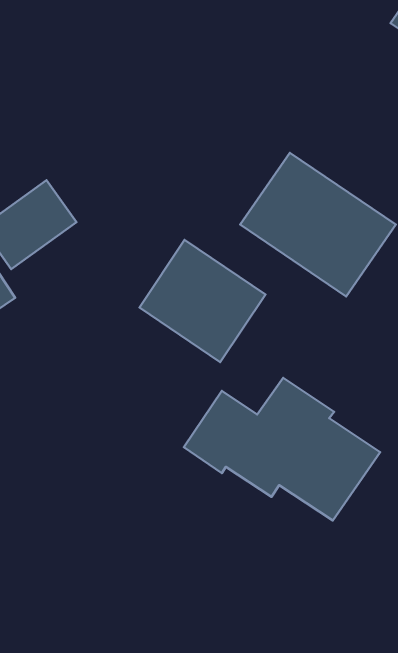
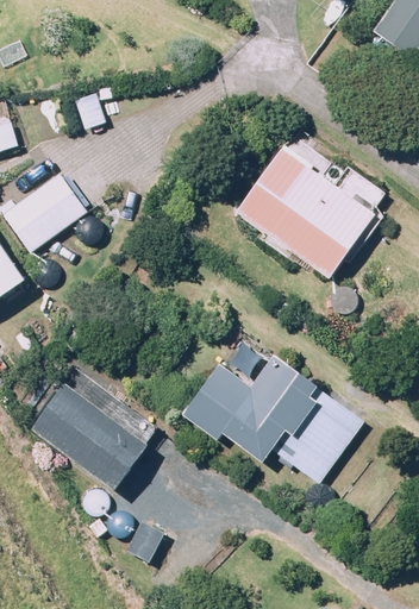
building: [139,240,265,362] -> none
building: none -> [31,383,151,490]

